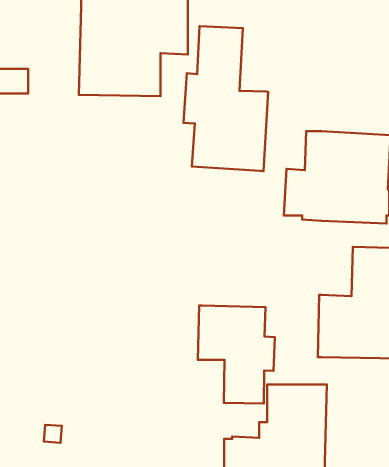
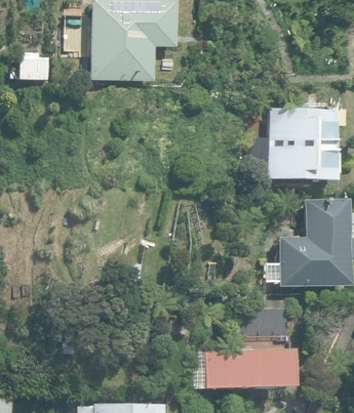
building: [184,26,268,171] -> none
building: [198,306,275,403] -> none

